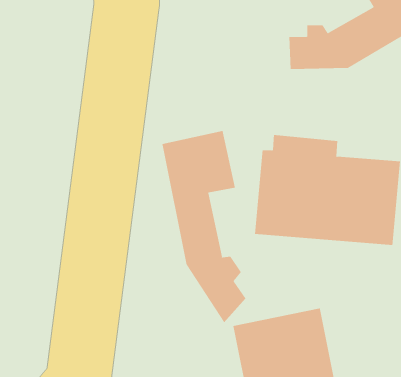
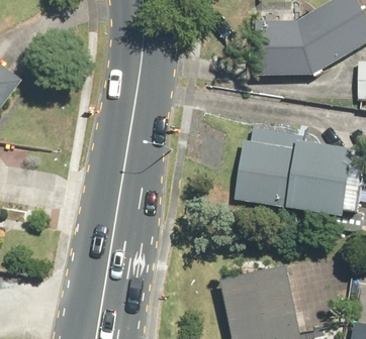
building: [162,130,246,323] -> none

